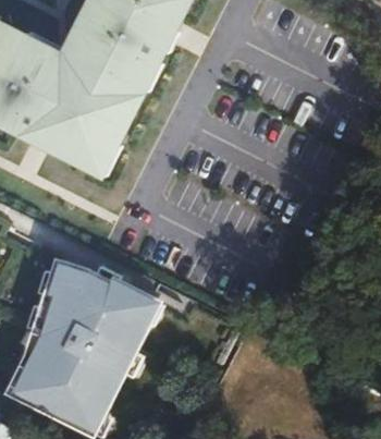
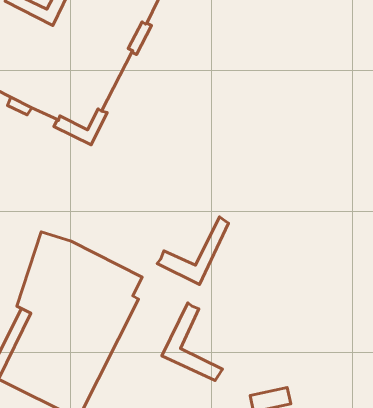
building: none -> [157,217,228,284]
building: none -> [162,303,222,381]

